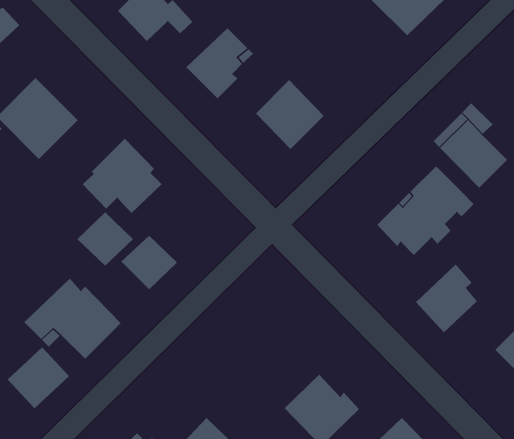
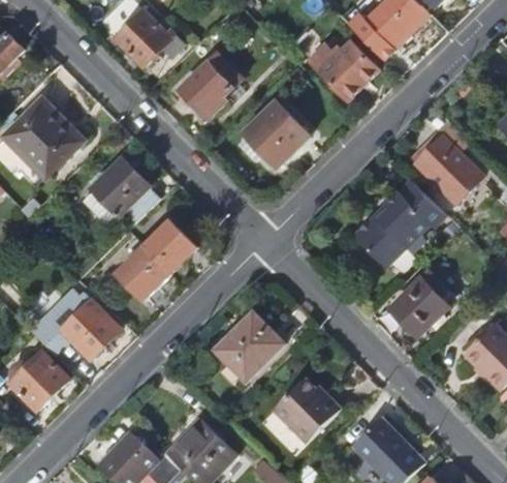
building: none -> [319,41,377,99]
building: [76,211,134,267] -> [144,220,197,272]
building: none -> [214,312,283,382]

